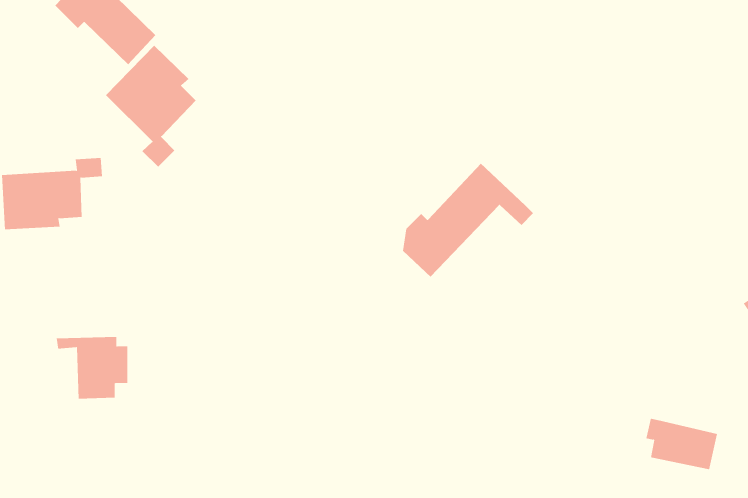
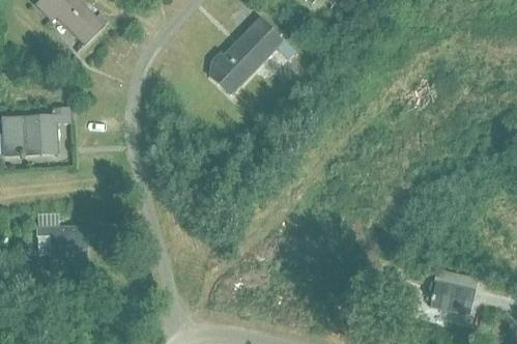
building: [105,45,196,167] -> none
building: [402,163,534,278] -> [210,16,297,91]

